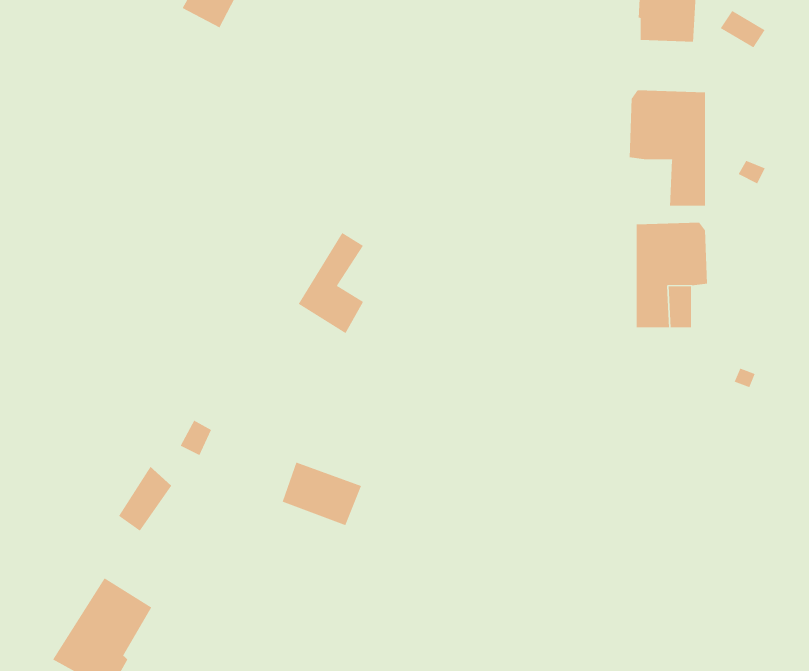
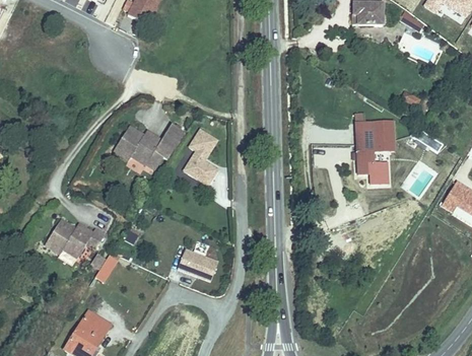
building: [629,90,706,206] -> none
building: none -> [114,122,186,162]
building: none -> [46,217,106,257]

